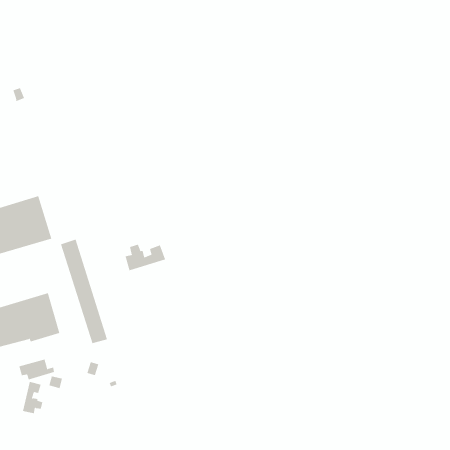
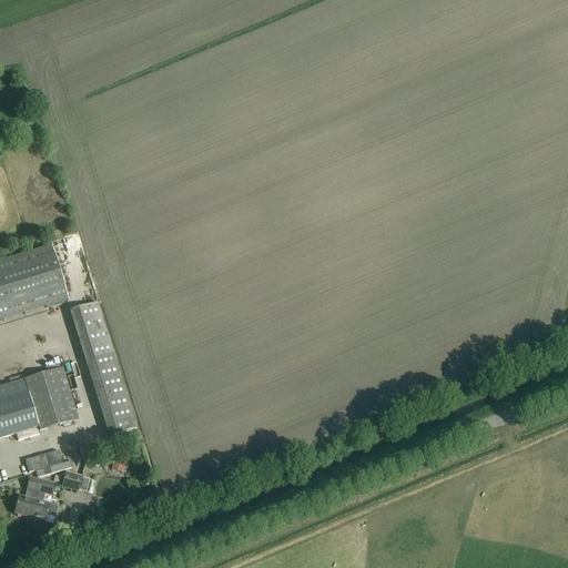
building: [125,244,166,271] -> none
building: none -> [12,476,37,516]

